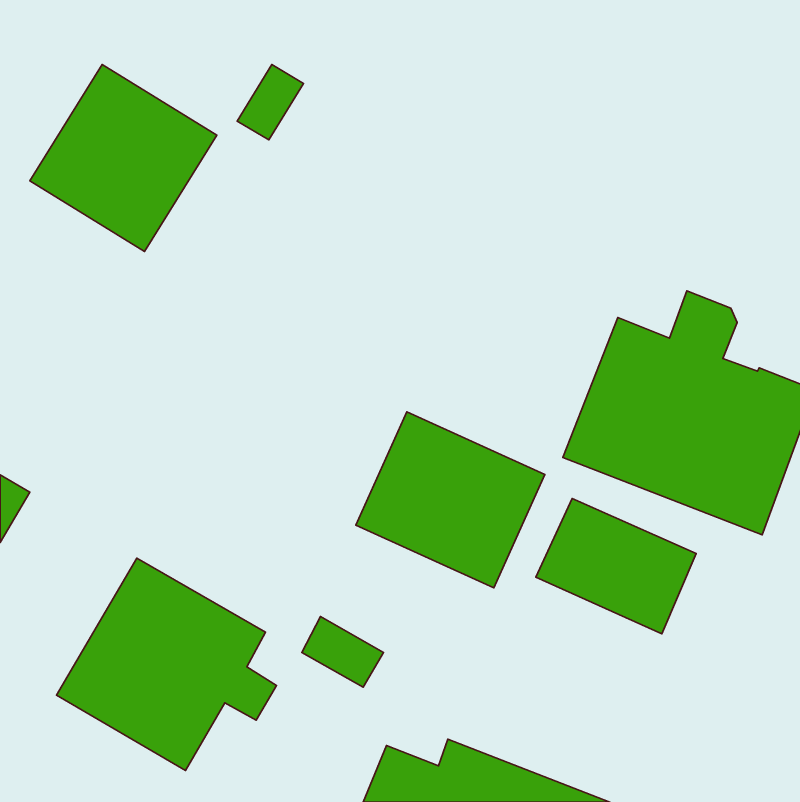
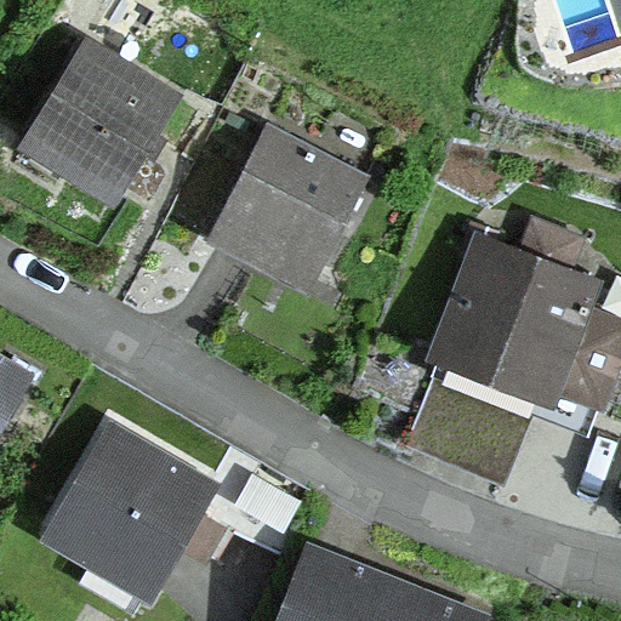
building: none -> [207,129,363,278]
building: [356,412,545,588] -> none

